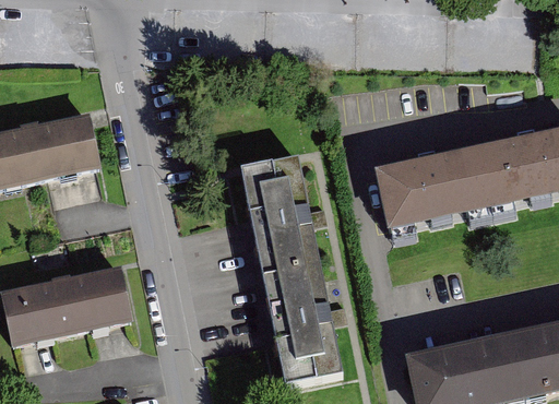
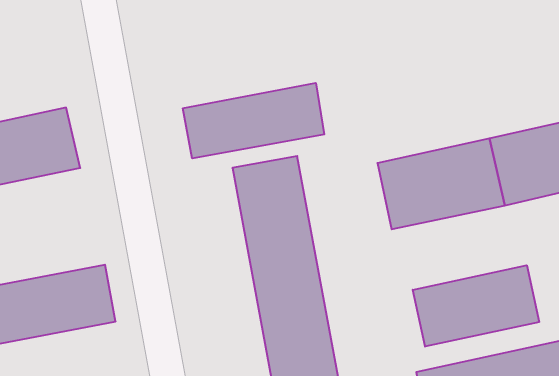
building: none -> [183,83,324,158]
building: none -> [413,265,539,347]

